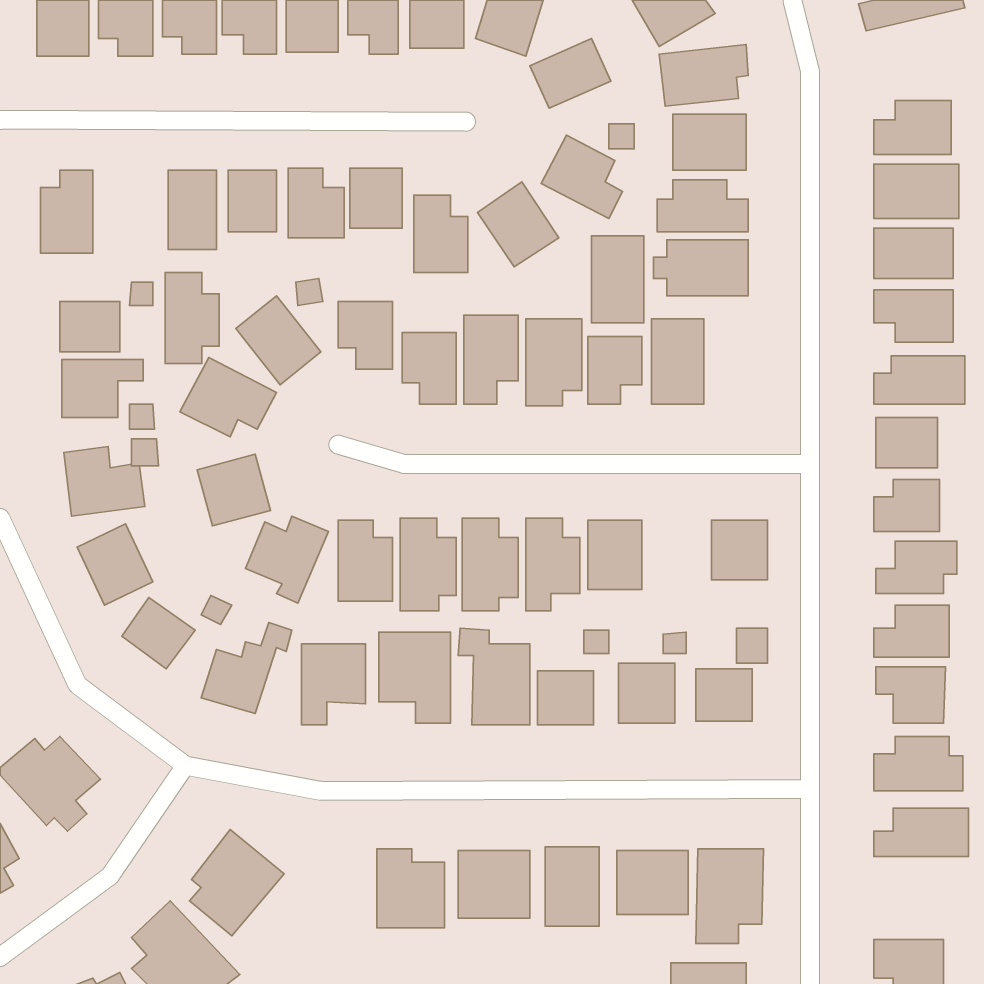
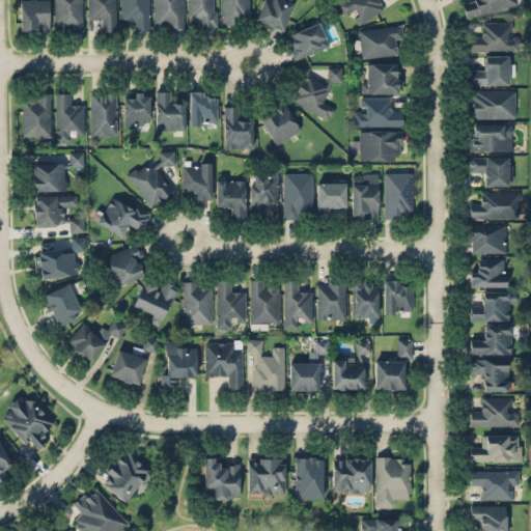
building: none -> [472,23,516,52]
building: [592,236,644,323] -> [386,173,414,220]
building: [165,273,219,364] -> [56,93,85,142]
building: none -> [353,281,379,317]
building: none -> [471,471,514,500]

